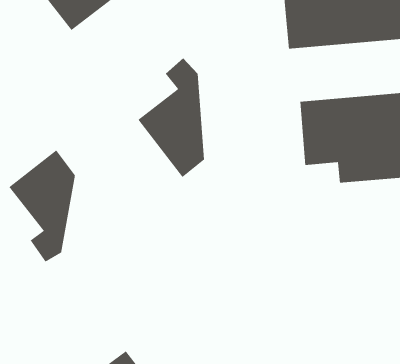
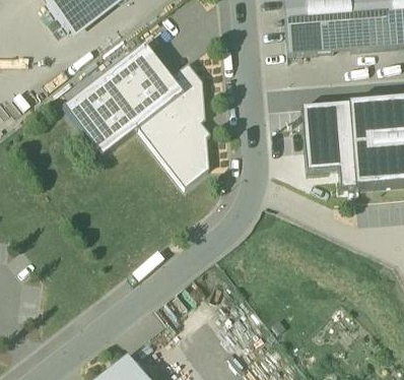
building: none -> [63,46,180,155]
building: [9,150,75,263] -> none

